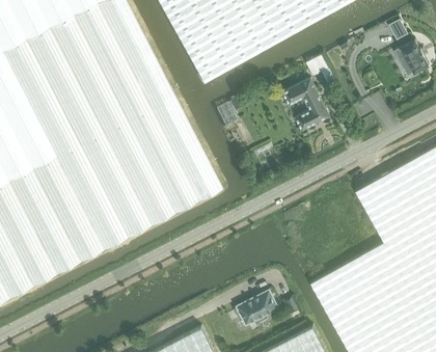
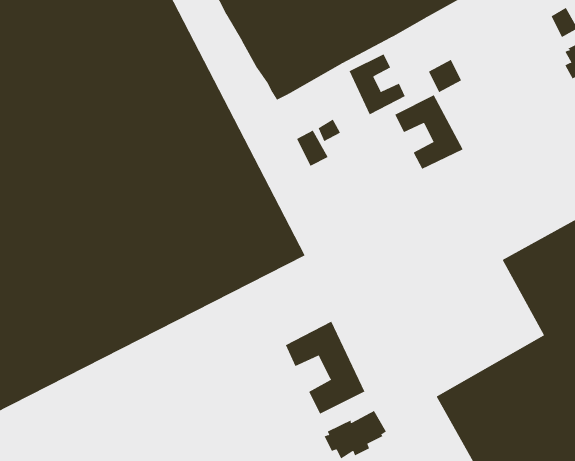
building: none -> [349,53,405,115]
building: none -> [285,321,365,415]

